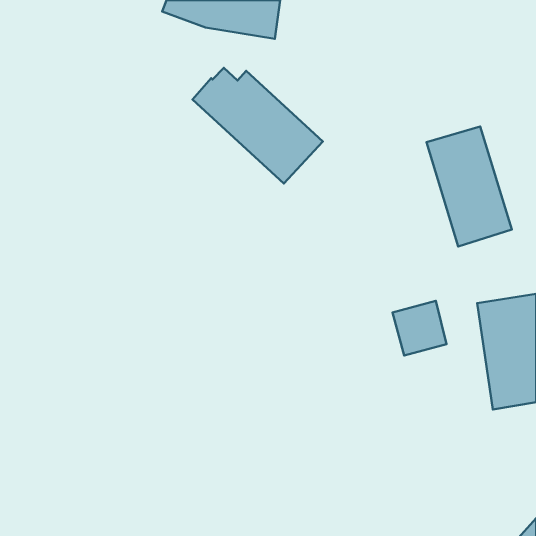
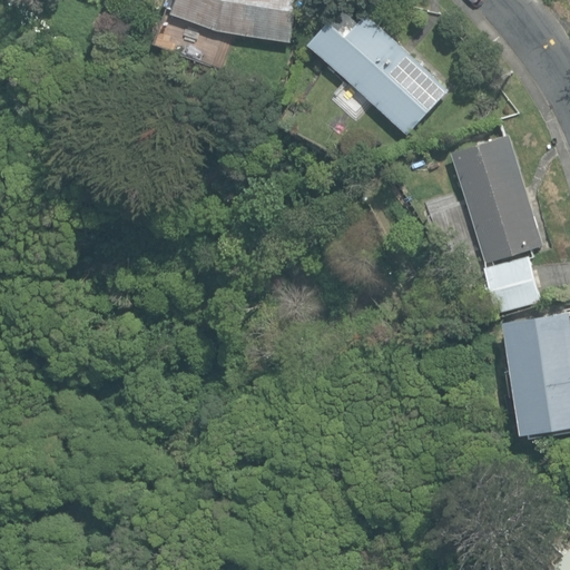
building: [192,68,323,184] -> [309,12,448,135]
building: [393,301,446,356] -> [483,256,540,314]

